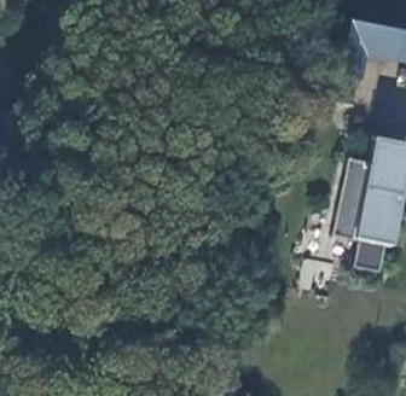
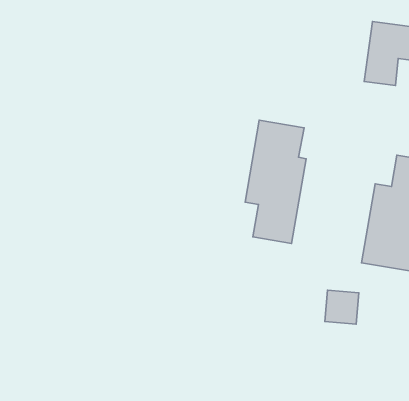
building: none -> [245,120,306,244]

